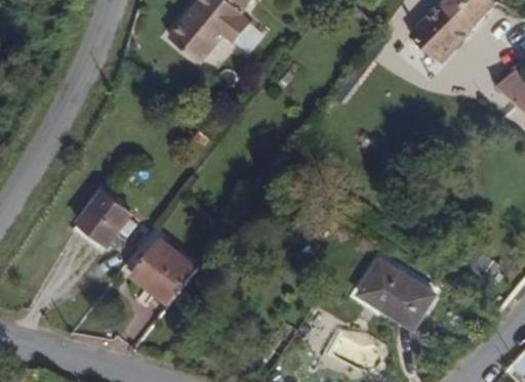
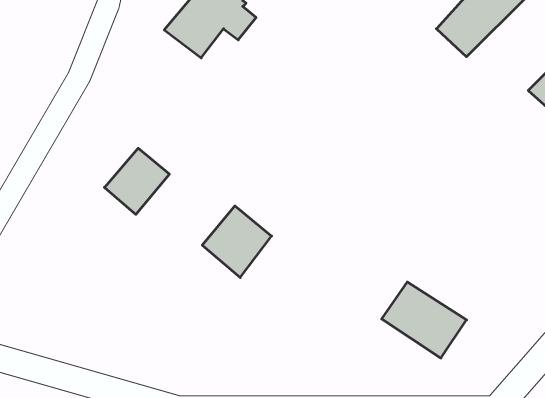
building: [72,193,131,253] -> [104,148,169,214]
building: [133,238,197,303] -> [202,206,272,278]

